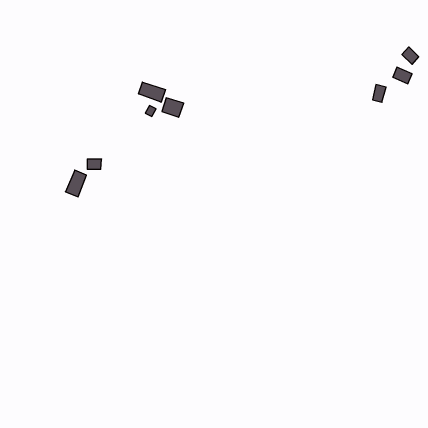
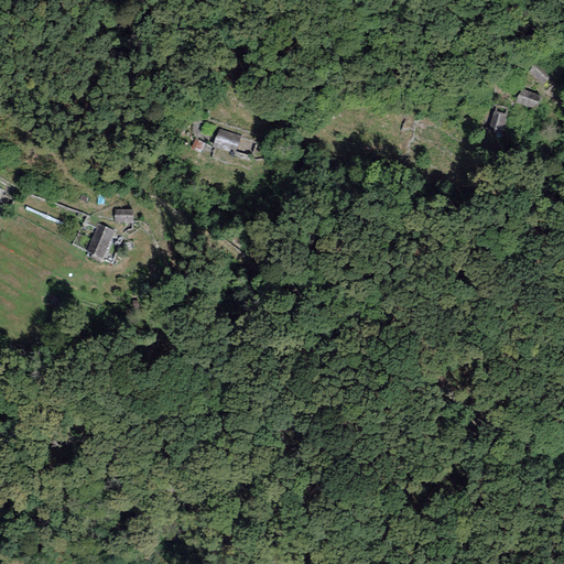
building: [139,82,166,102] -> none

